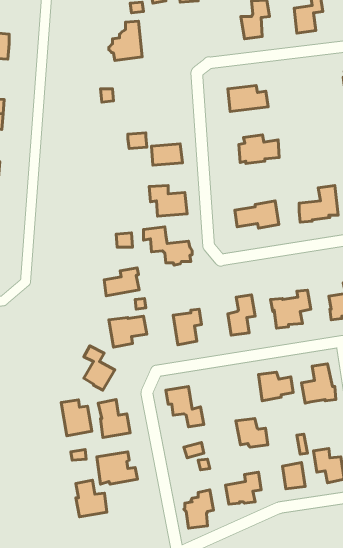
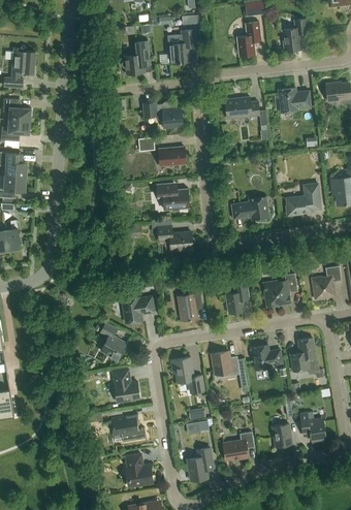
building: none -> [167,29,195,63]
building: none -> [142,102,182,127]
building: [239,135,279,164] -> [274,87,309,111]
building: [104,268,139,296] -> none
building: [61,400,92,436] -> none
building: [236,419,268,447] -> [211,351,238,376]
building: [76,480,107,517] -> [125,453,152,485]

